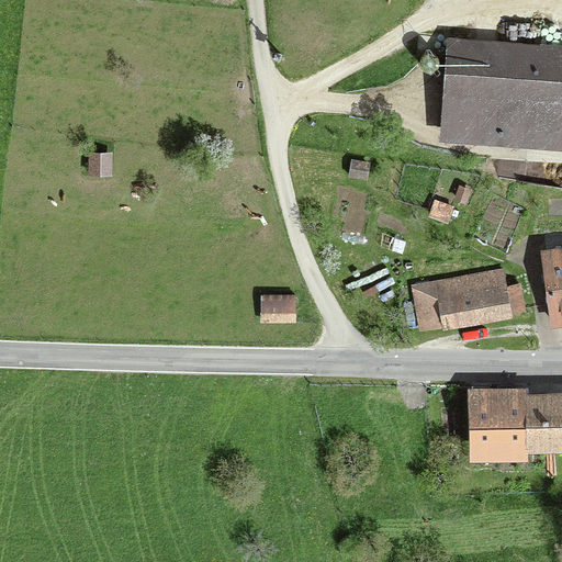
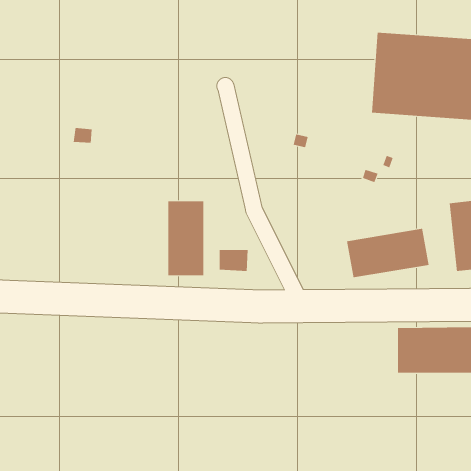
building: none -> [168,200,204,276]

